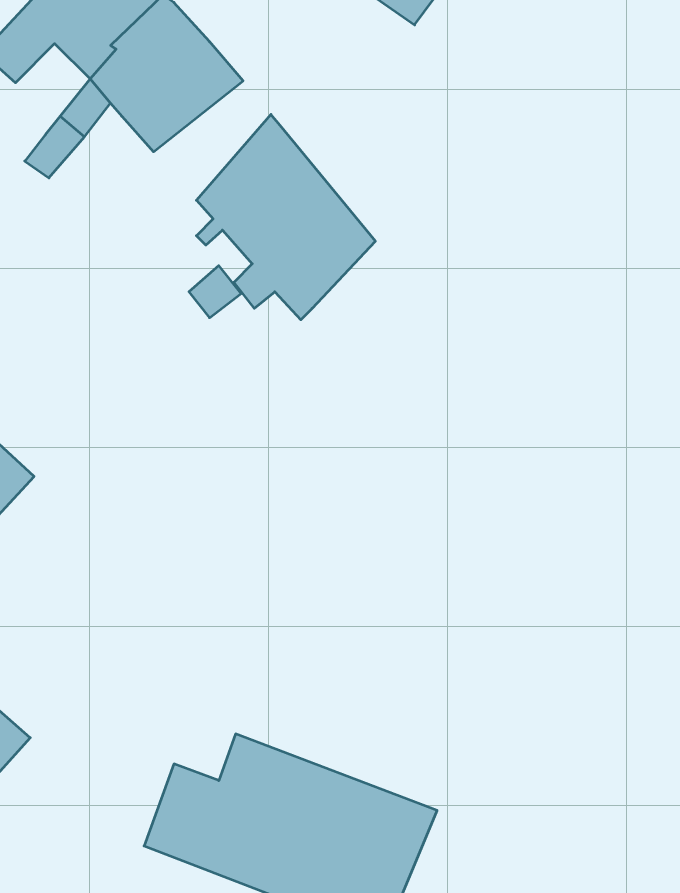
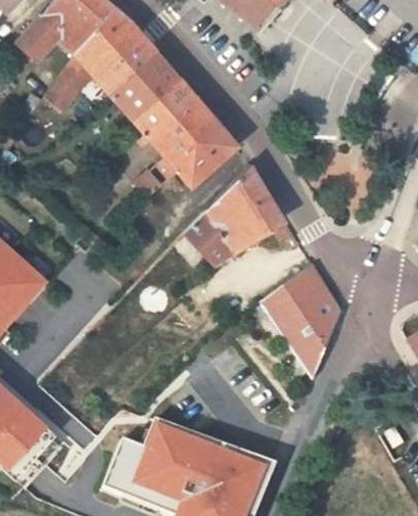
building: none -> [112,61,177,127]
building: none -> [191,172,282,267]
building: none -> [254,264,341,384]

